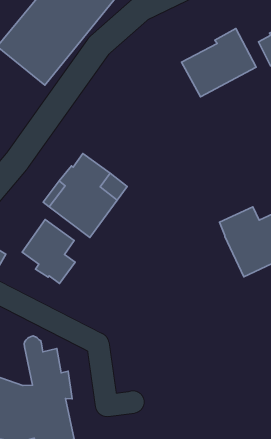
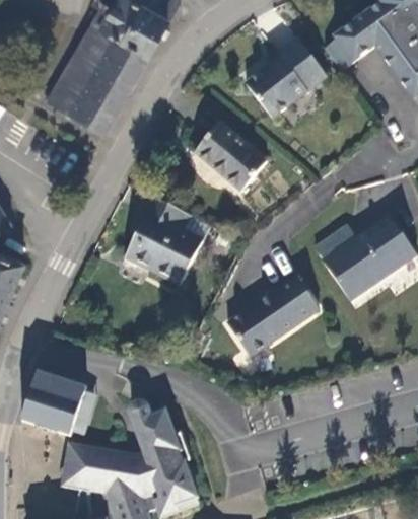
building: none -> [194,121,267,191]
building: [22,220,75,284] -> none
building: none -> [226,274,319,355]

